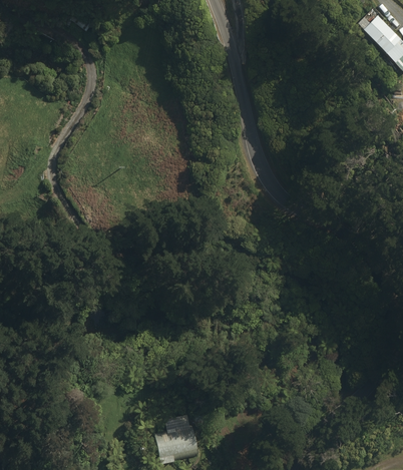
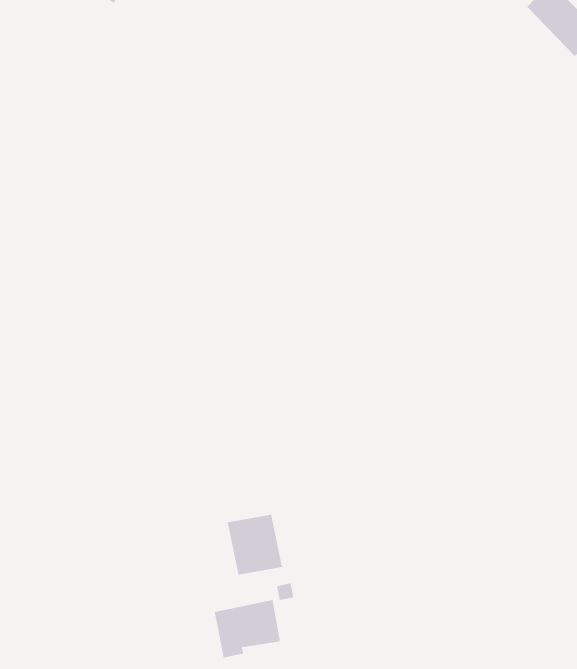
building: none -> [227,514,283,575]

